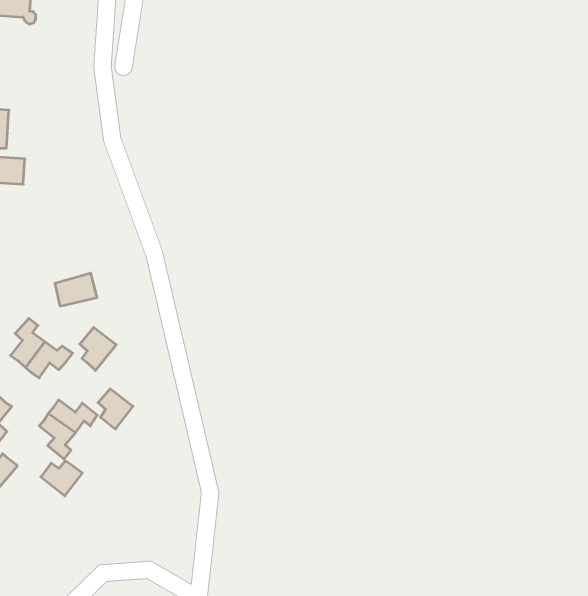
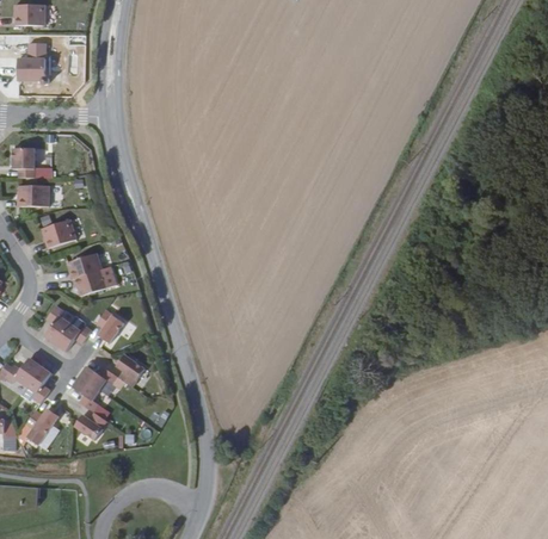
building: none -> [39,221,73,248]
building: none -> [69,253,104,278]

